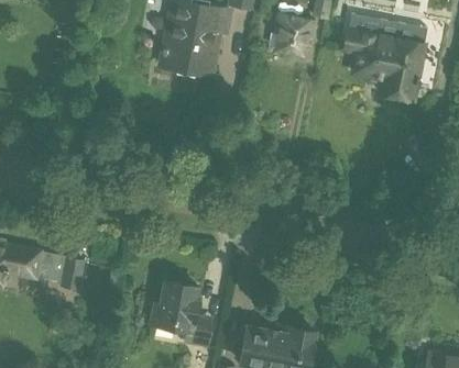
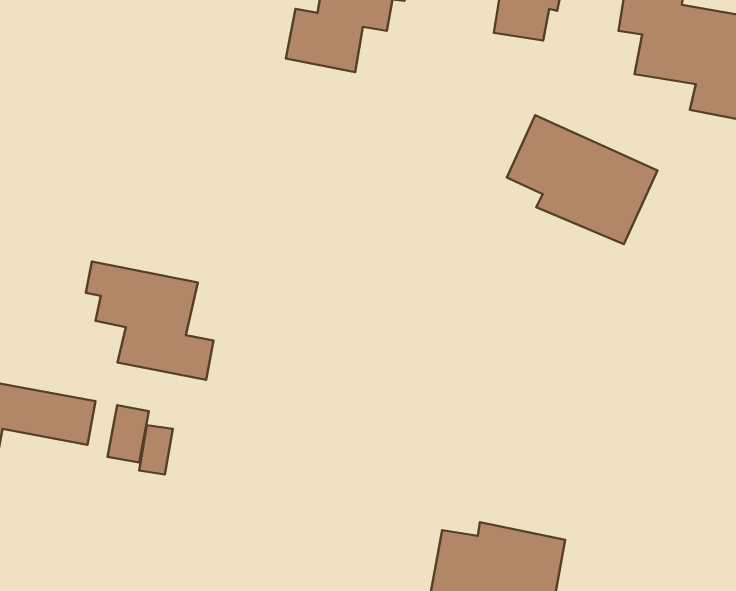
building: none -> [507,115,657,244]
building: none -> [86,261,214,380]
building: [151,280,210,346] -> none

